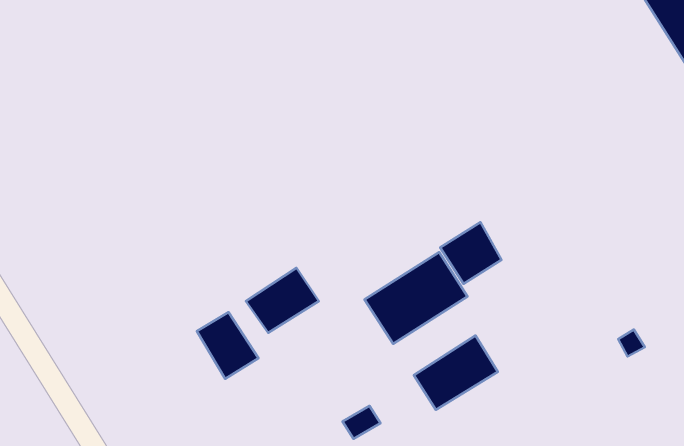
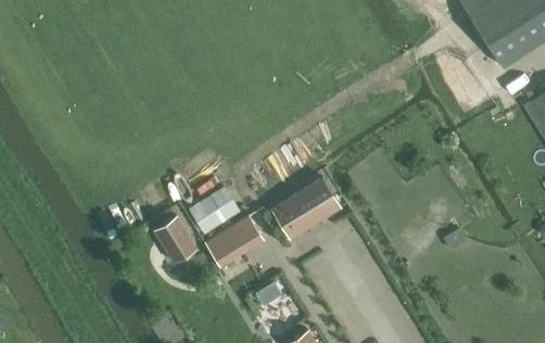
building: [440,222,501,284] -> none
building: [414,336,498,410] -> [205,216,263,267]

